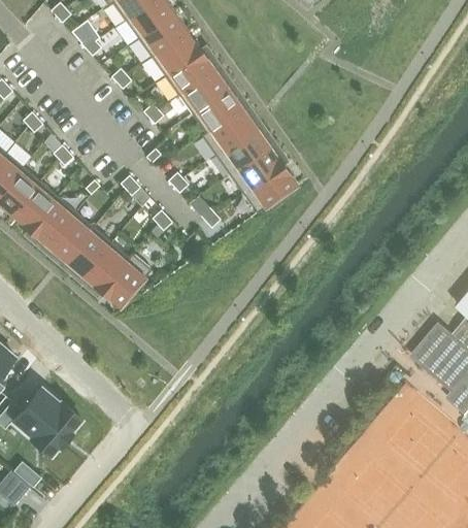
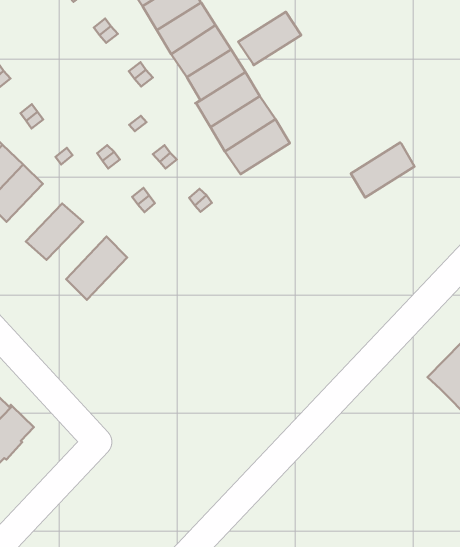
building: none -> [238,12,301,65]
building: [242,164,296,212] -> [351,142,415,198]
building: [46,211,93,261] -> none
building: [82,241,132,291] -> none

